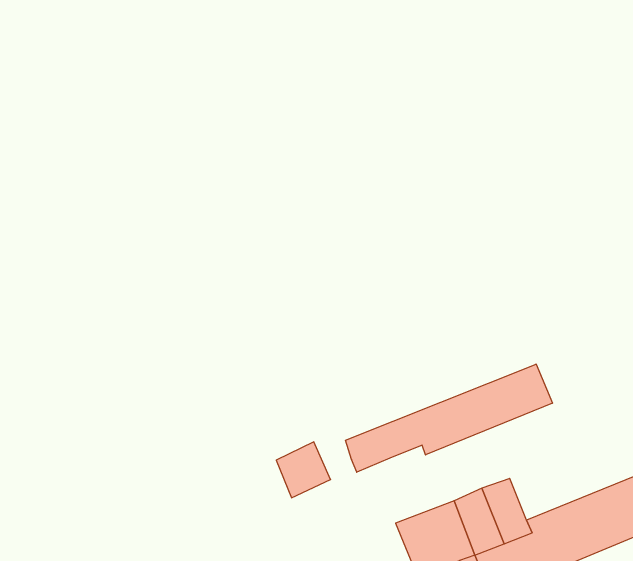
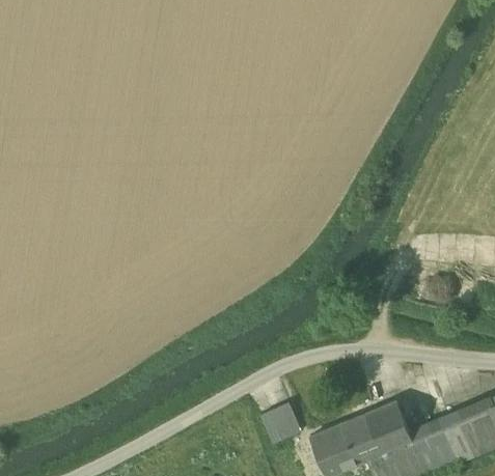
building: [346,364,552,472] -> none
building: [276,442,331,498] -> [263,401,303,443]

